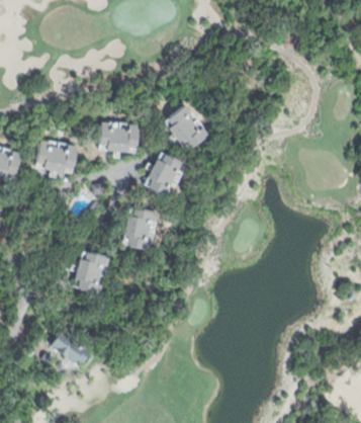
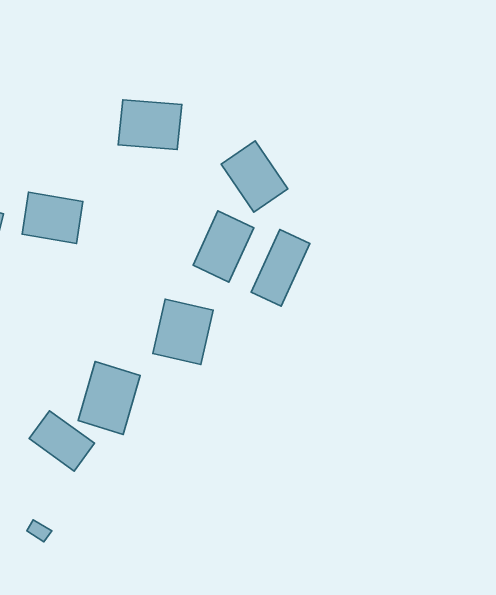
building: [97,120,139,153] -> [118,100,182,150]
building: none -> [251,229,310,306]
building: [49,328,91,367] -> [29,411,94,471]

